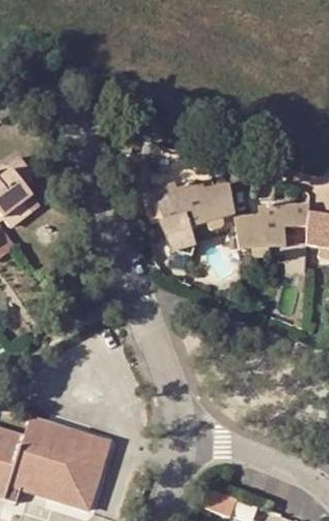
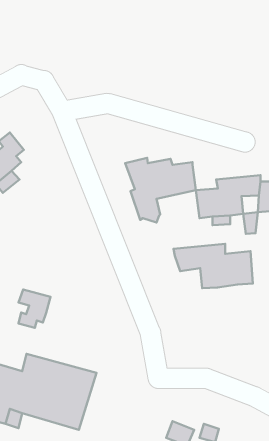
building: none -> [174,244,253,288]
building: none -> [18,289,51,328]

